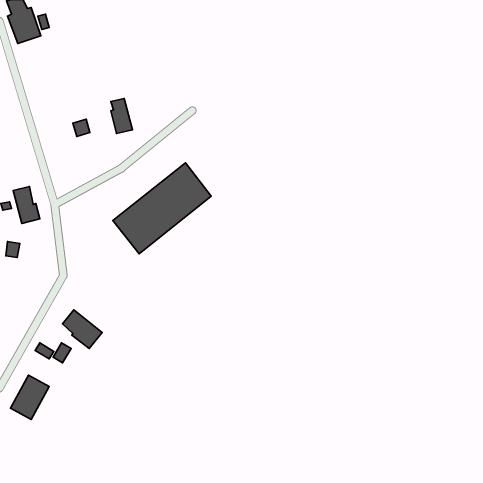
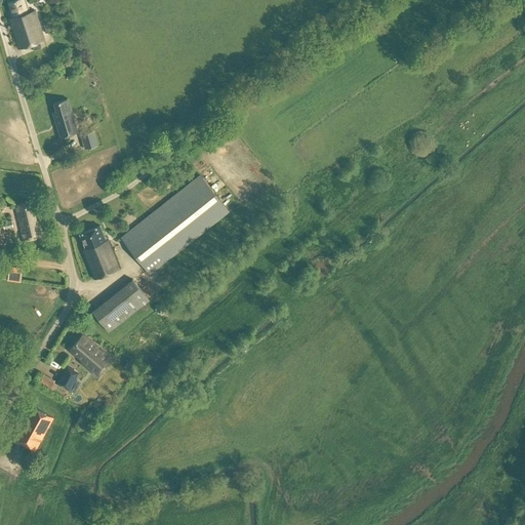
building: [111,99,133,134] -> [53,97,77,135]
building: none -> [80,225,121,279]
building: none -> [91,277,149,331]

